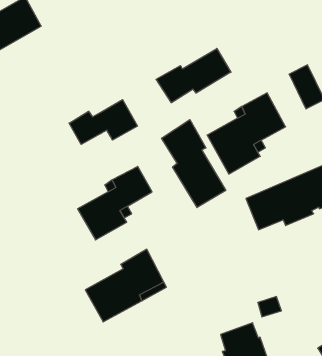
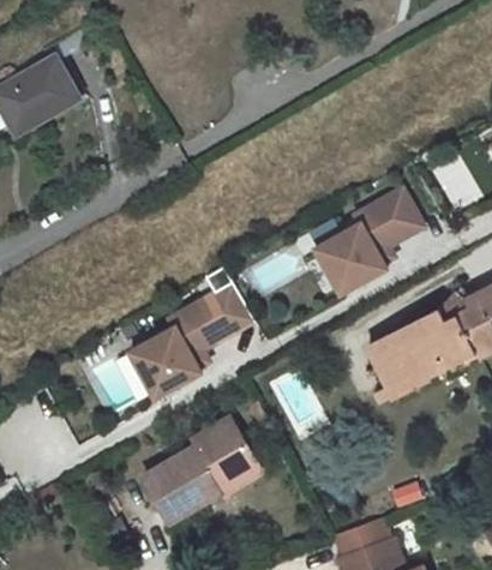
building: [156,48,231,103] -> none
building: [69,100,137,144] -> none
building: [162,120,226,208] -> none

